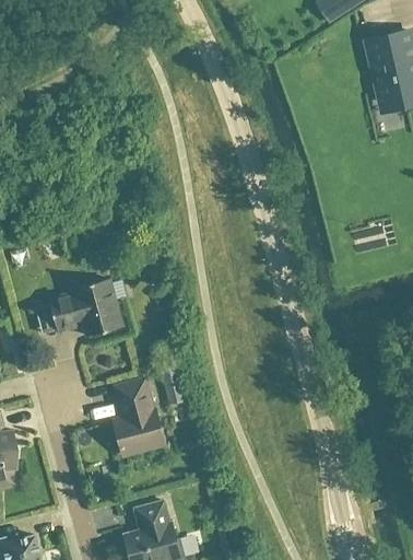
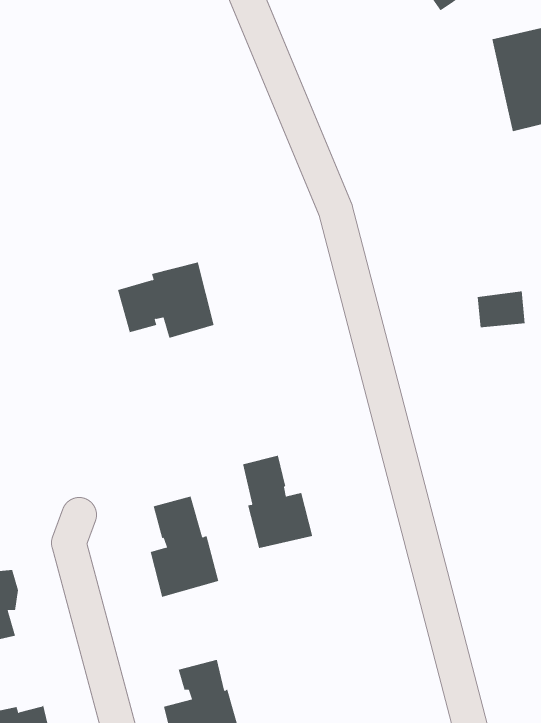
building: [49,279,121,336] -> [117,262,215,339]
building: none -> [242,455,313,549]

